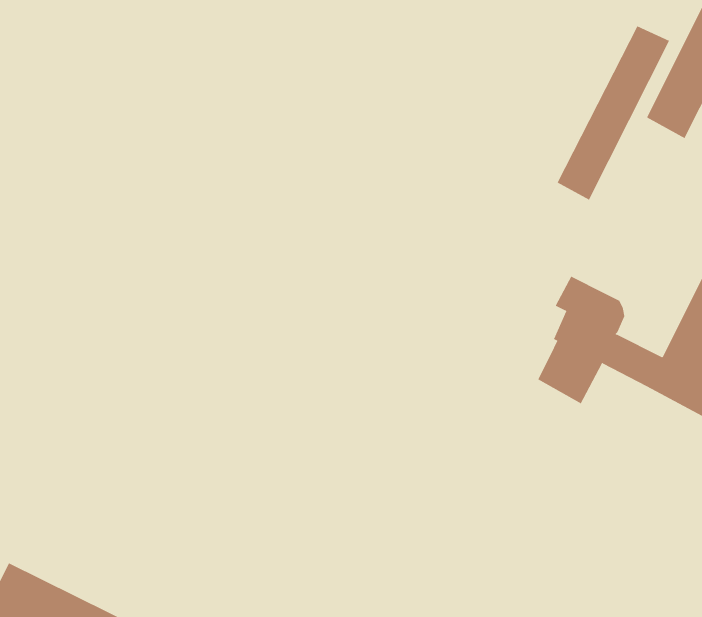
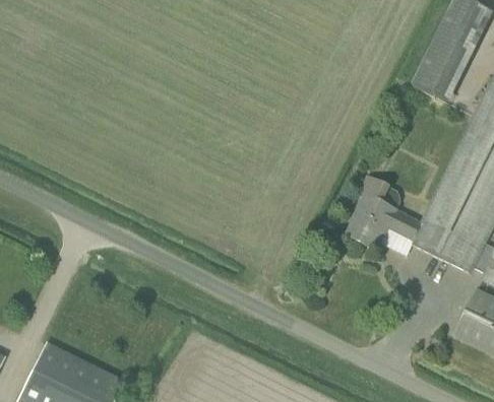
building: [557,26,670,200] -> none

